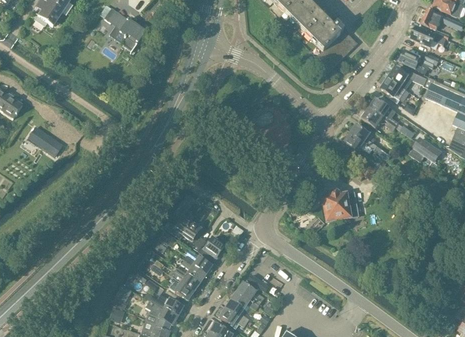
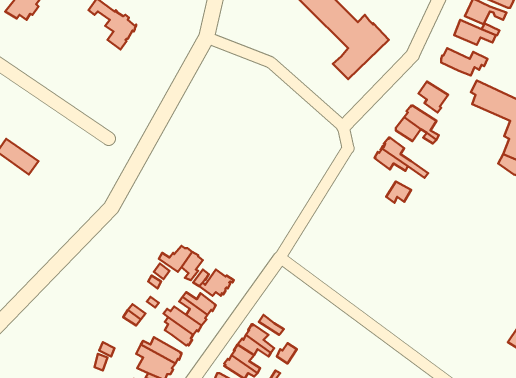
building: [389,66,431,88] -> none
building: [409,137,442,161] -> none
building: [324,191,359,221] -> none

